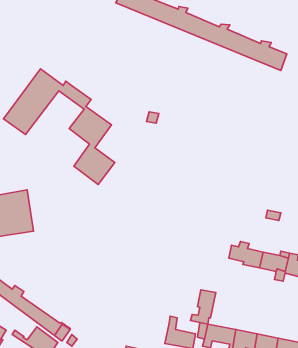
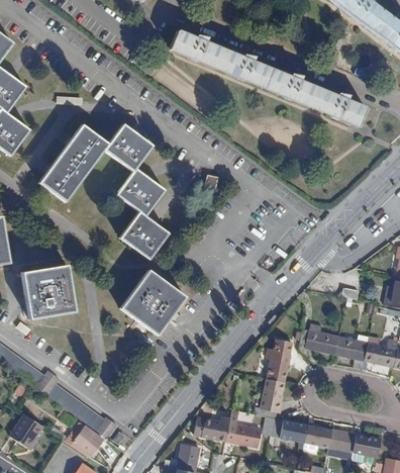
building: none -> [111,123,151,160]
building: none -> [120,269,185,335]
building: none -> [266,342,292,382]
building: none -> [194,415,230,441]

